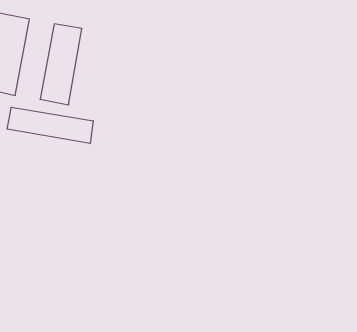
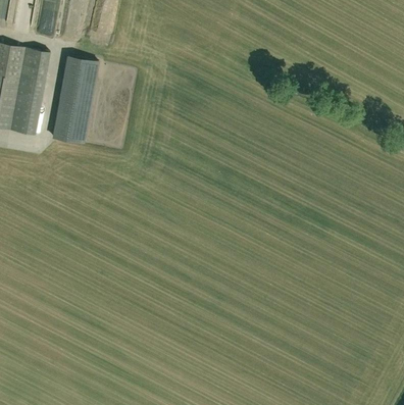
building: [7,107,93,144] -> none

